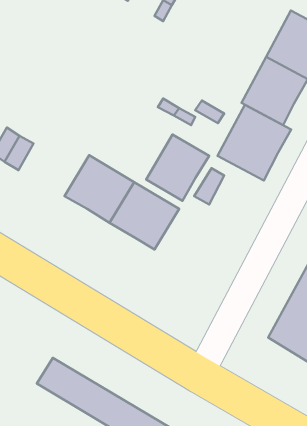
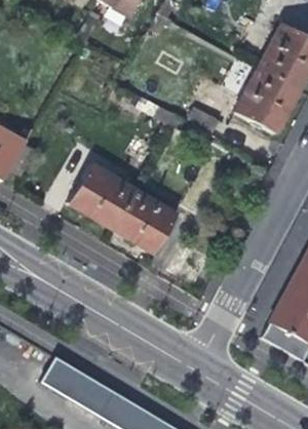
building: [218,105,291,181] -> none
building: [146,135,209,201] -> none

